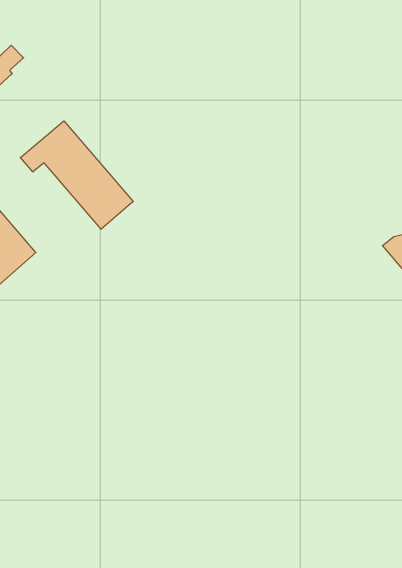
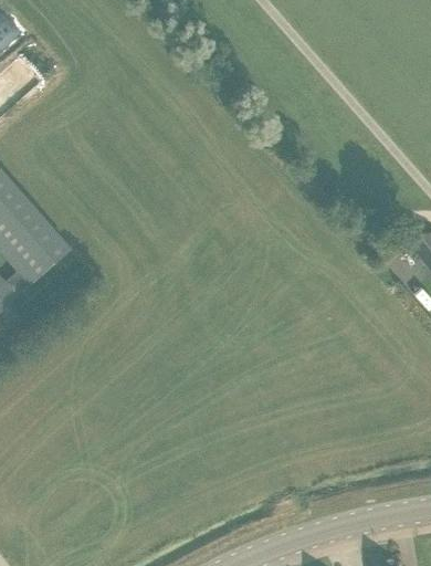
building: [20,121,133,229] -> none

